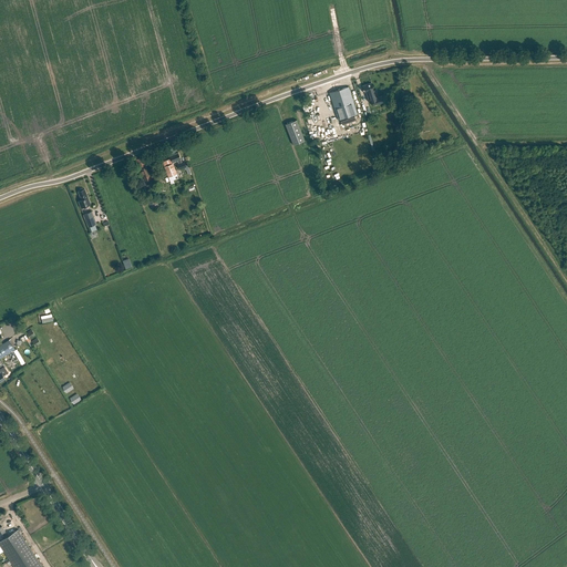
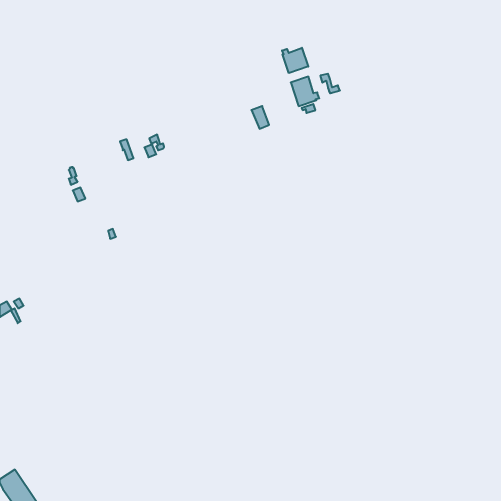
building: none -> [282,48,308,73]

